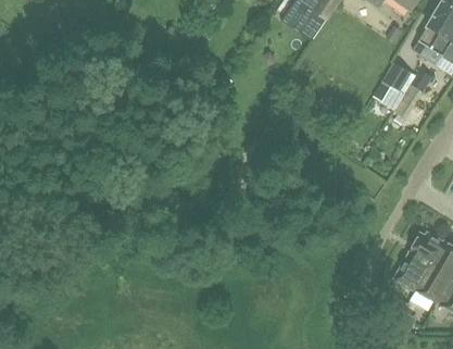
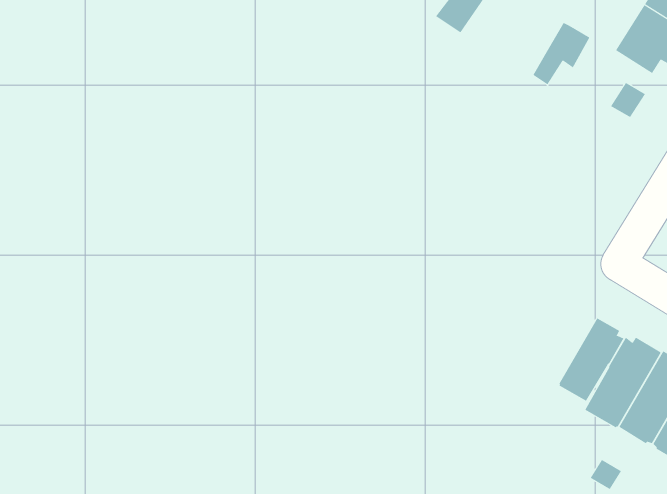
building: [373,63,410,103] -> [533,22,590,85]
building: none -> [558,316,624,402]

